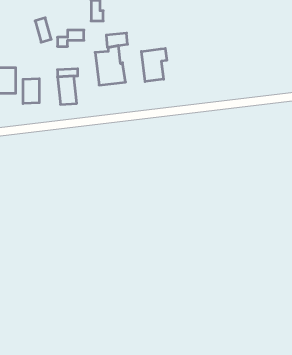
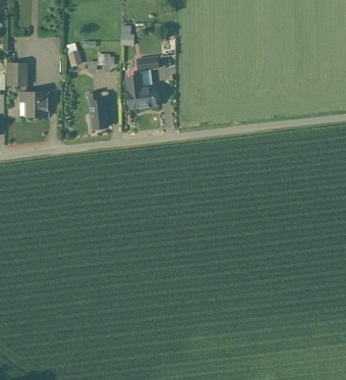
building: [141,48,167,82] -> none
building: [23,79,39,104] -> none

